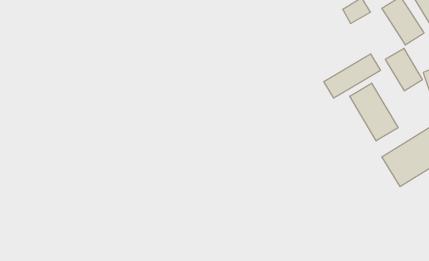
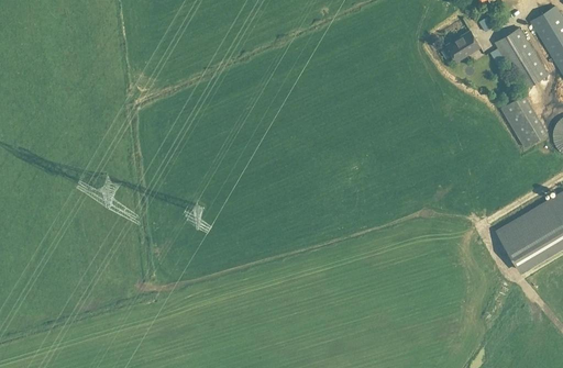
building: [324,54,380,98] -> none
building: [350,83,398,141] -> none

